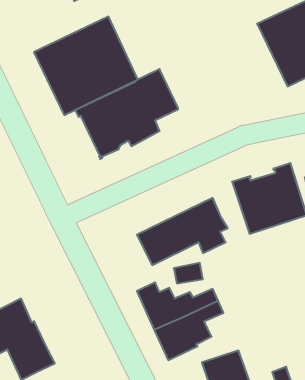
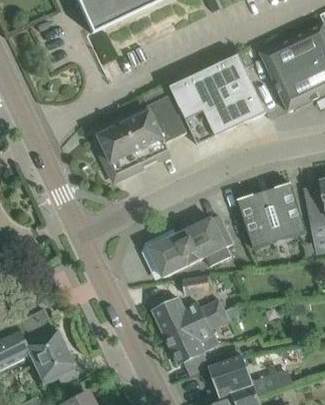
building: [34,17,138,115] -> [170,53,266,144]

